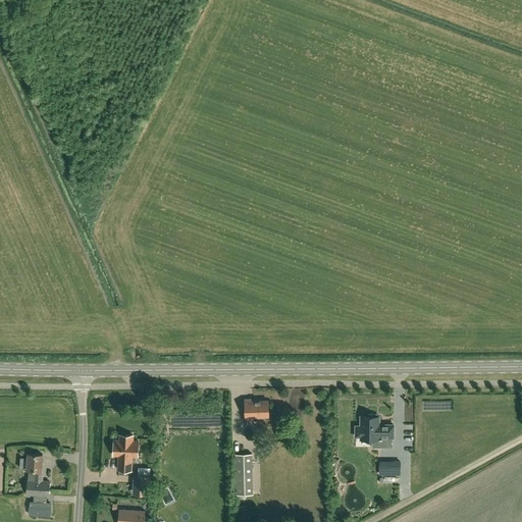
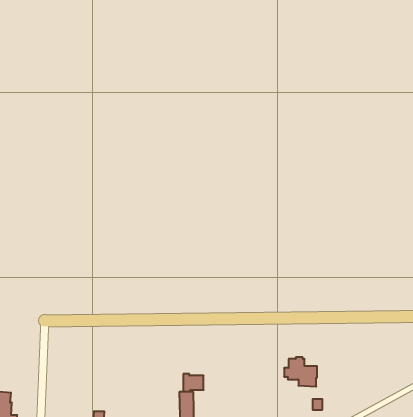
building: [244,399,267,419] -> [183,374,204,392]
building: [112,434,138,470] -> none

